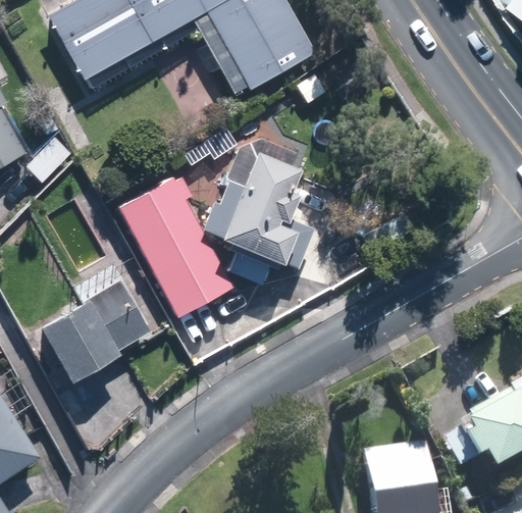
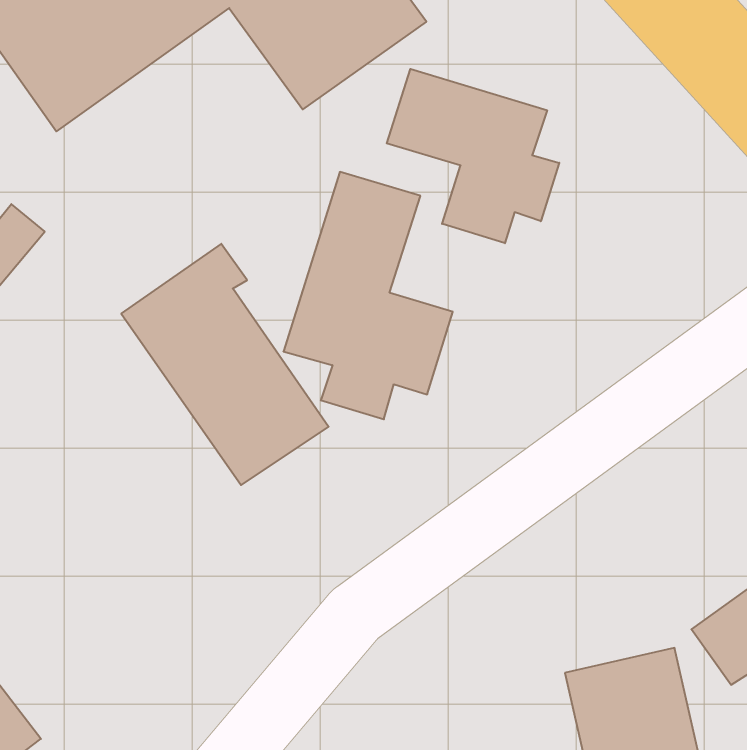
building: none -> [387,69,559,243]
building: [36,277,154,382] -> none

